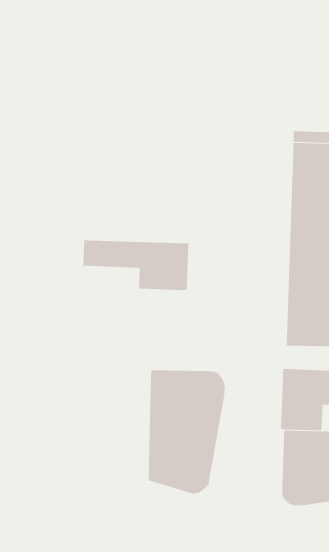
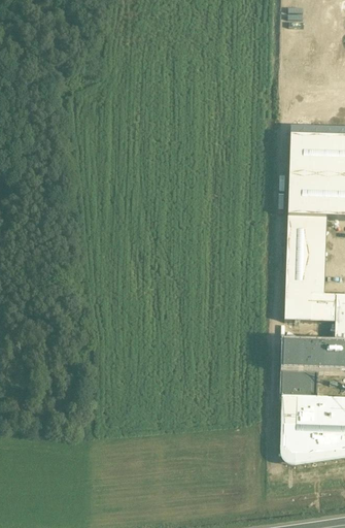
building: [83,239,189,291] -> none
building: [148,370,225,494] -> none

